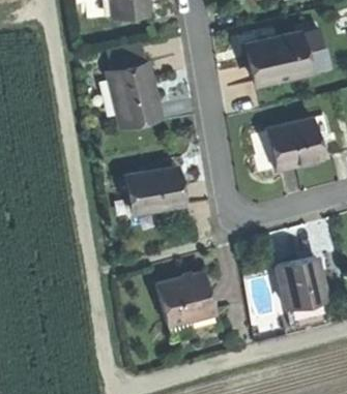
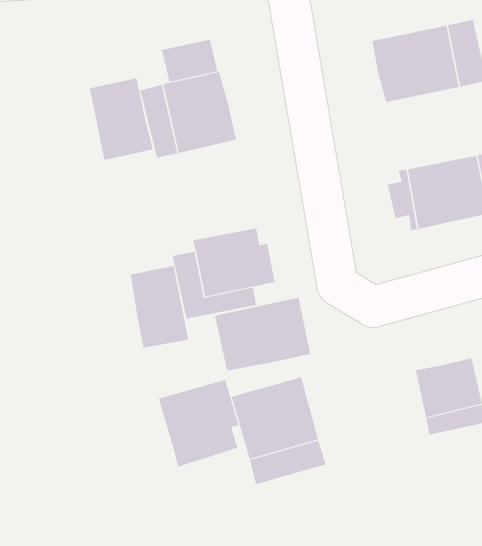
building: none -> [89,78,153,161]
building: none -> [130,265,189,349]
building: none -> [215,297,311,371]
building: none -> [158,379,239,467]

